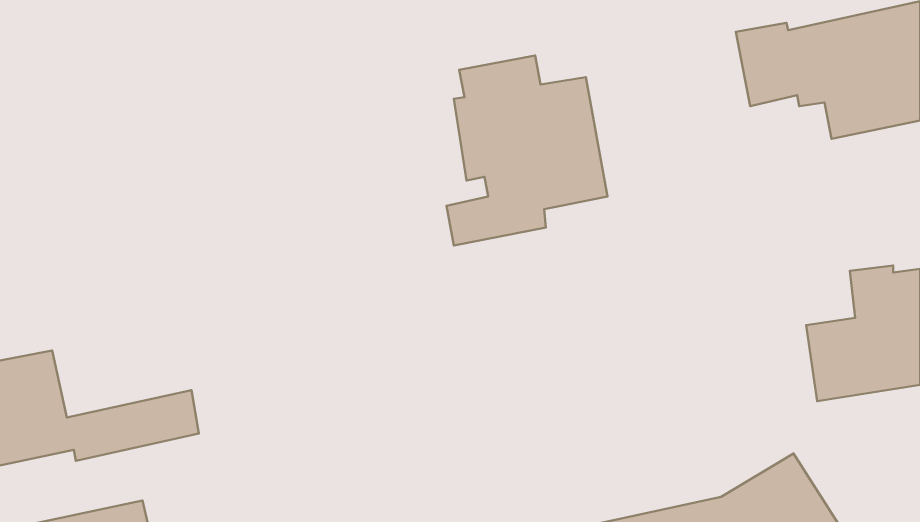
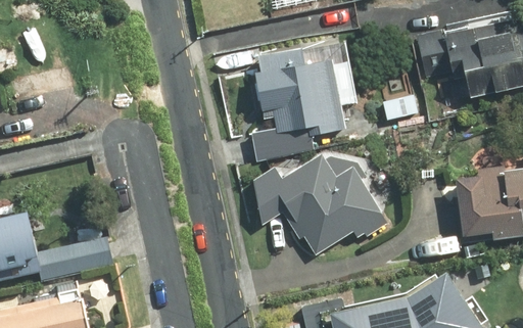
building: none -> [254,154,386,252]

